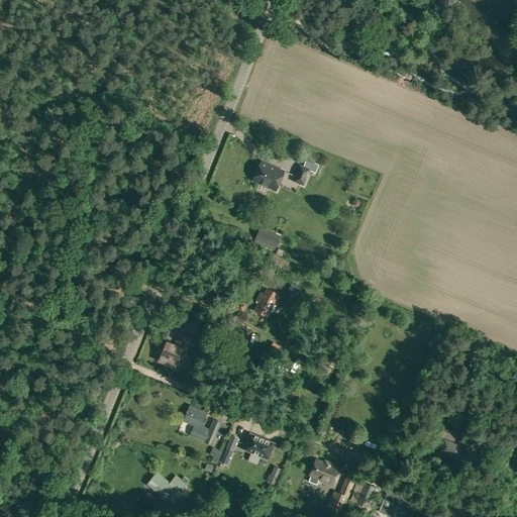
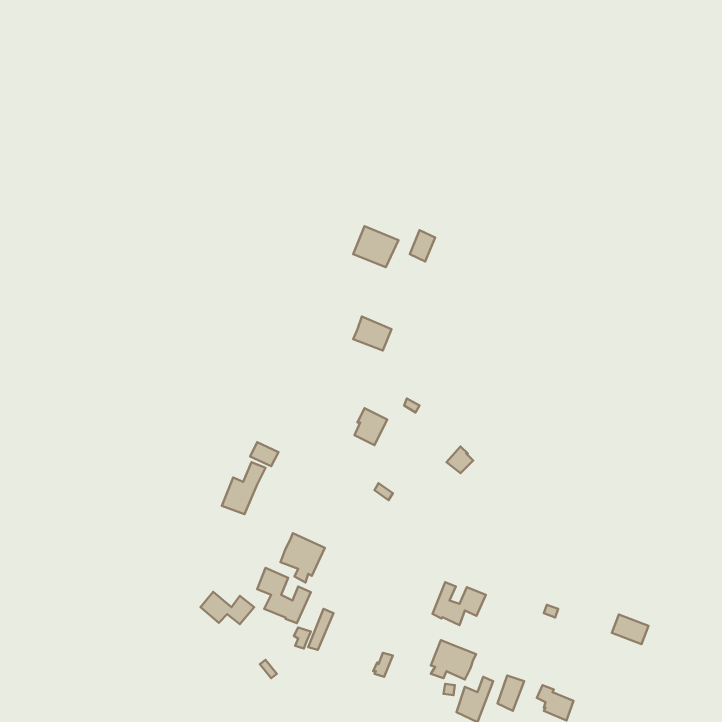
building: none -> [281,533,325,583]
building: none -> [432,582,486,625]
building: [242,432,275,461] -> none
building: [147,473,186,496] -> [200,592,254,624]

